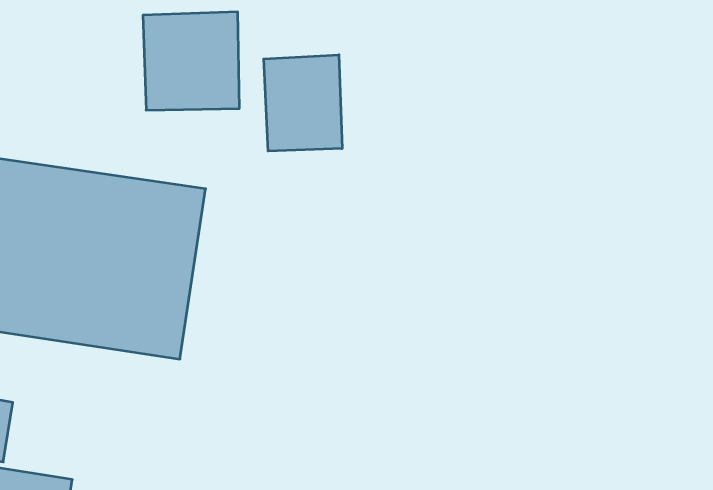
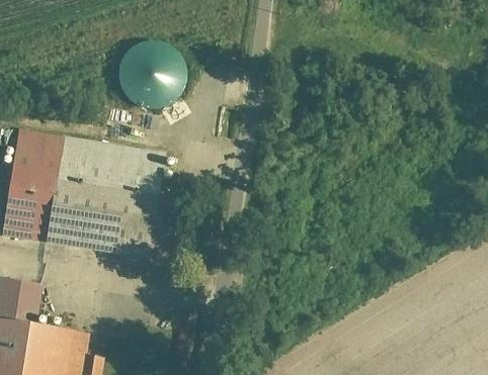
building: [264,55,342,151] -> none

